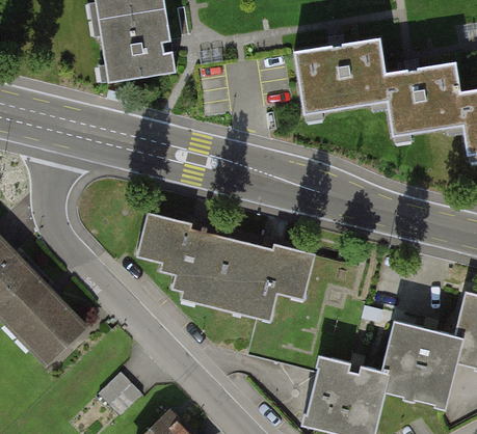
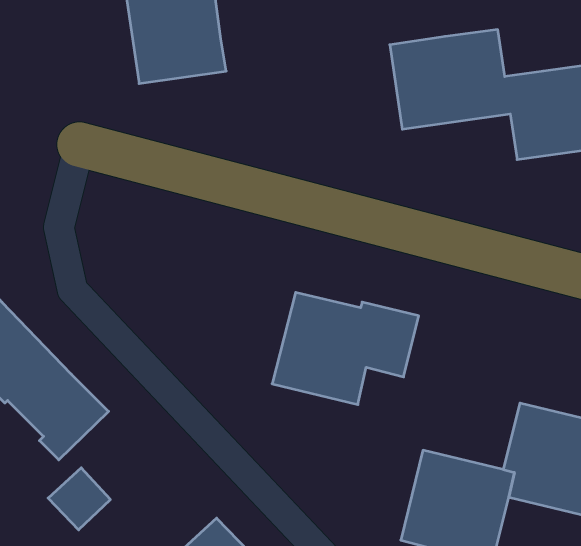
building: [139,213,226,306] -> none
building: [96,371,142,417] -> [48,468,110,530]

